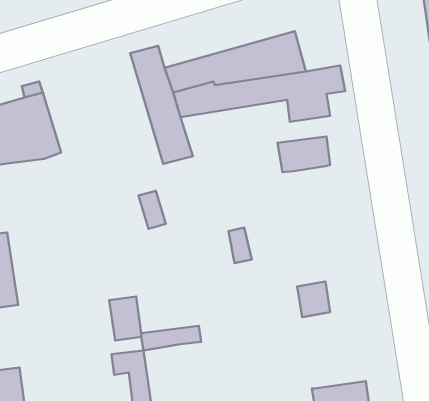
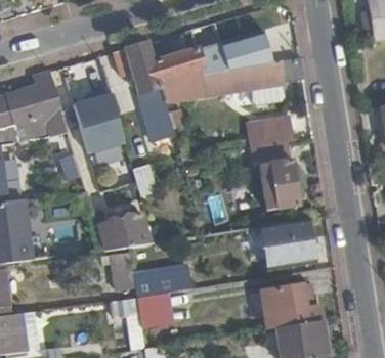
building: none -> [74,95,124,154]
building: none -> [261,143,297,209]
building: none -> [98,211,148,249]
building: none -> [262,222,316,265]
building: none -> [262,287,322,328]
building: none -> [136,292,171,325]

